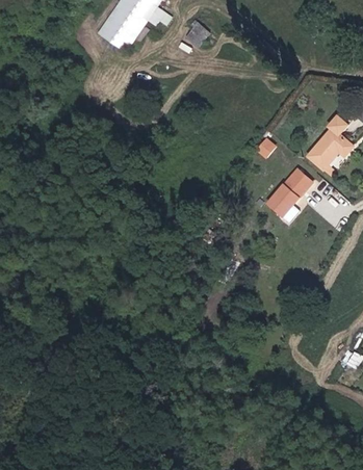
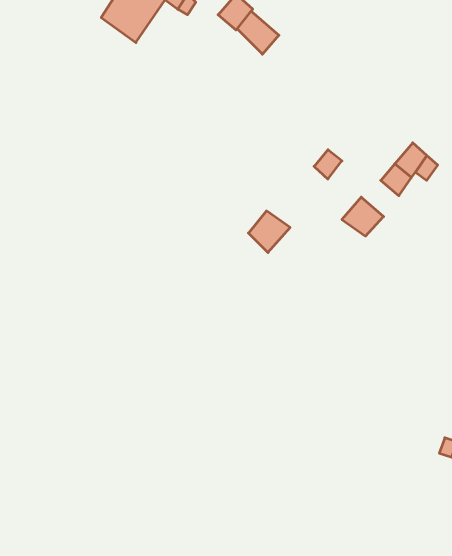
building: none -> [237,11,279,54]
building: [265,185,296,216] -> [248,211,290,253]

